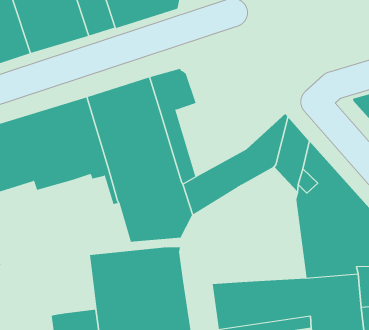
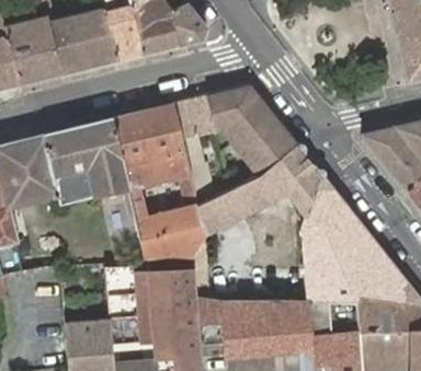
building: none -> [201,84,297,176]

